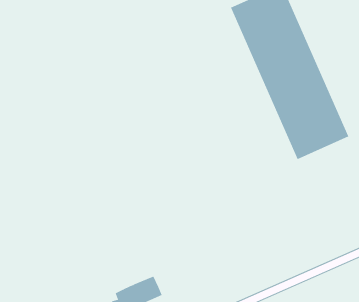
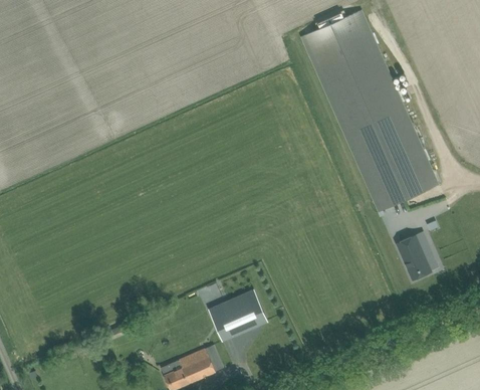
building: none -> [397,232,431,279]
building: none -> [209,289,267,342]

